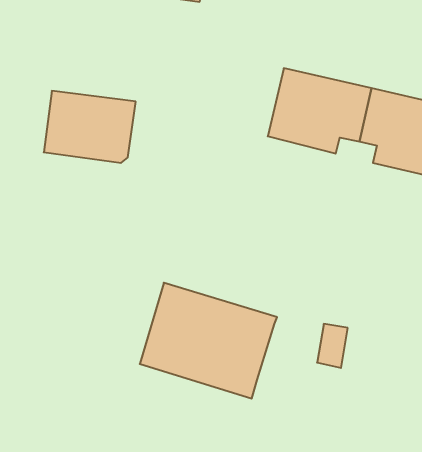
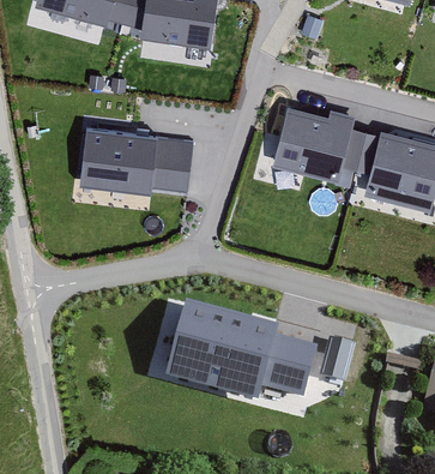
building: none -> [149,138,186,192]
building: none -> [265,338,319,400]

